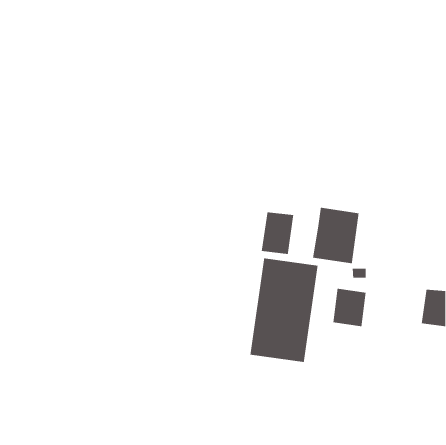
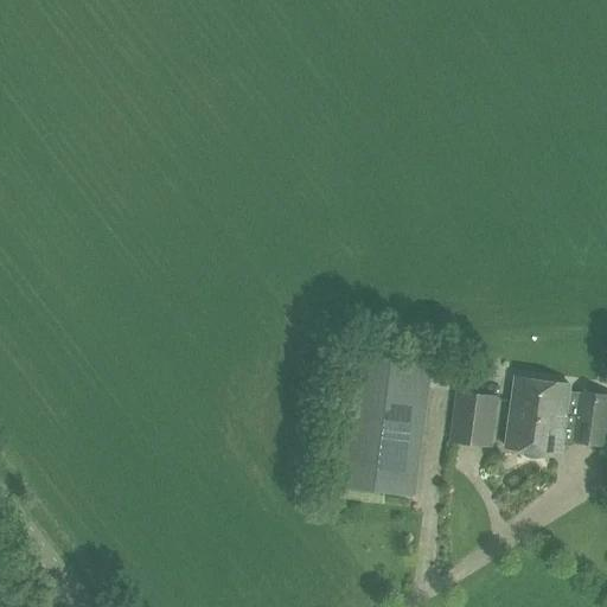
building: [312,207,359,264] -> [506,377,570,455]
building: [261,211,294,255] -> none

